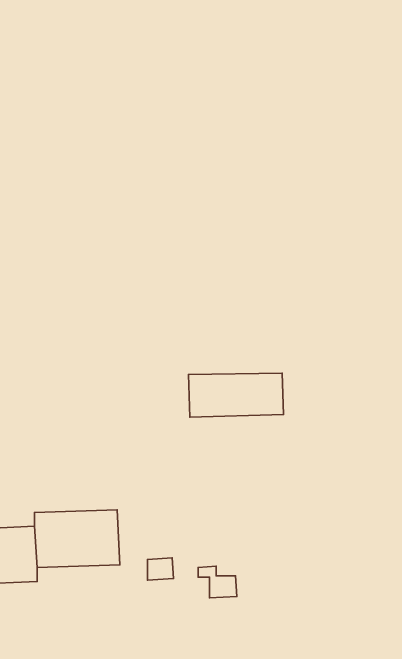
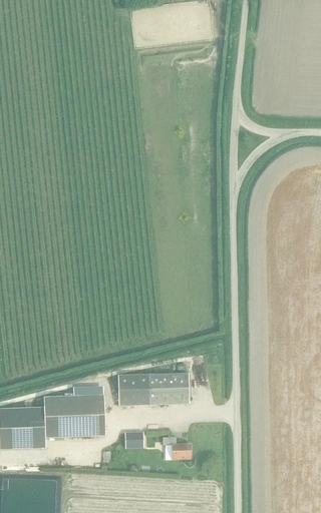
building: [188,373,283,417] -> [119,372,189,404]

